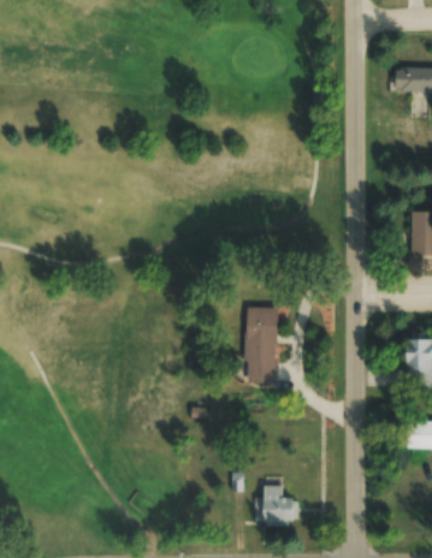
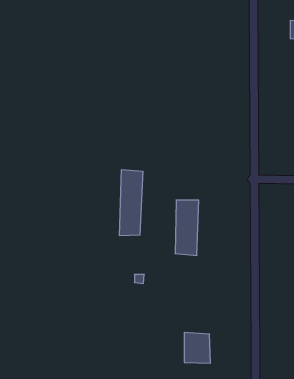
building: none -> [119,170,143,236]

